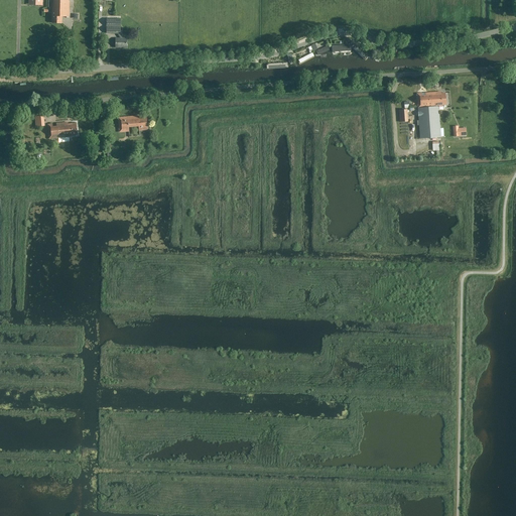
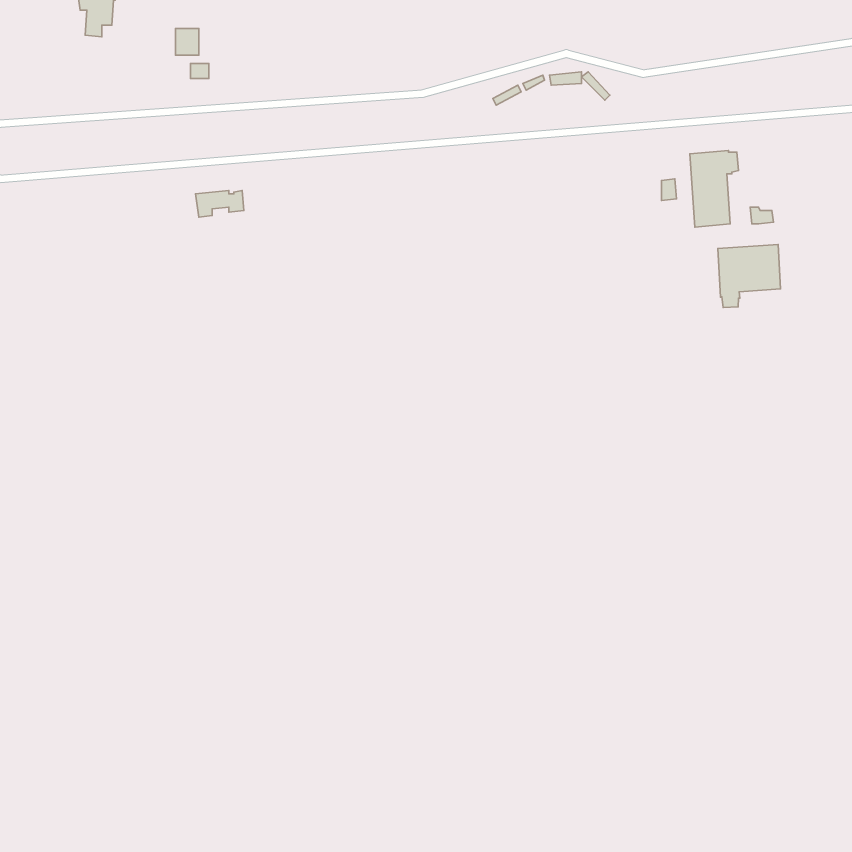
building: [48,121,78,137] -> none
building: none -> [718,245,780,307]

